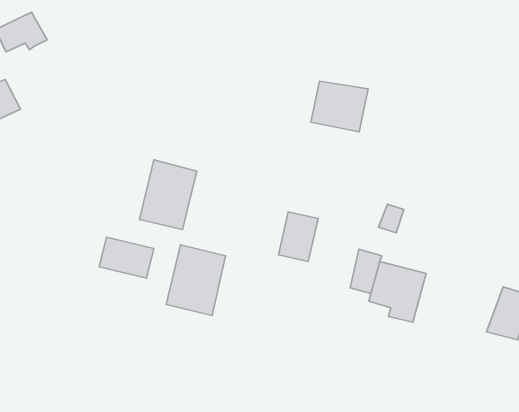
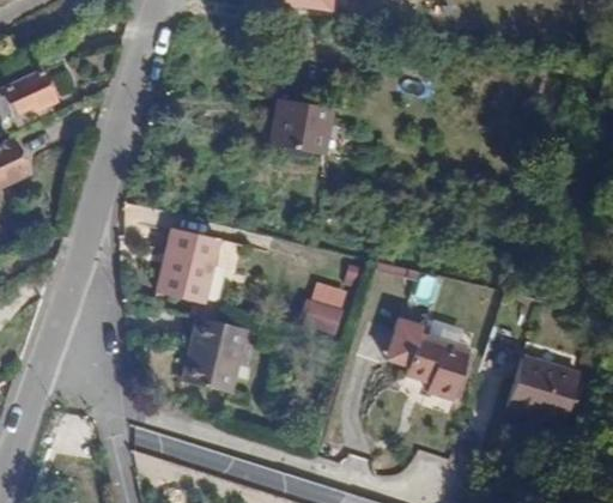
building: [311,81,368,132] -> [269,96,332,151]
building: [99,237,154,278] -> none
building: none -> [510,357,553,413]

